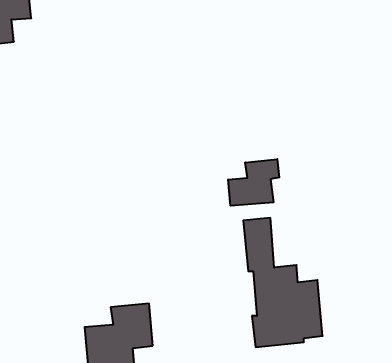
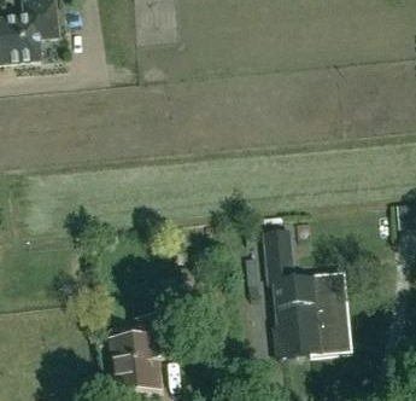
building: [228,159,279,206] -> none

